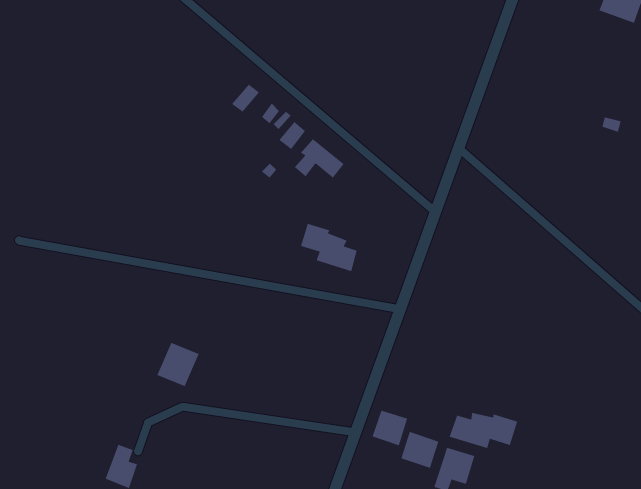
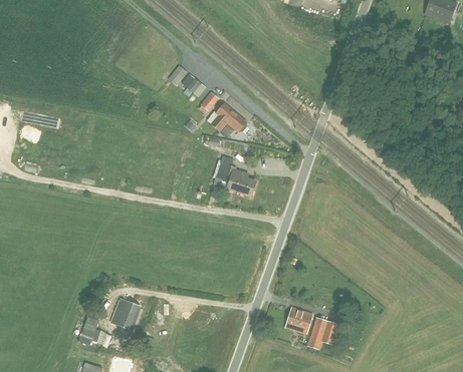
building: [156,342,199,387] -> [110,298,141,329]
building: [372,410,408,446] -> none
building: [449,412,518,449] -> none

